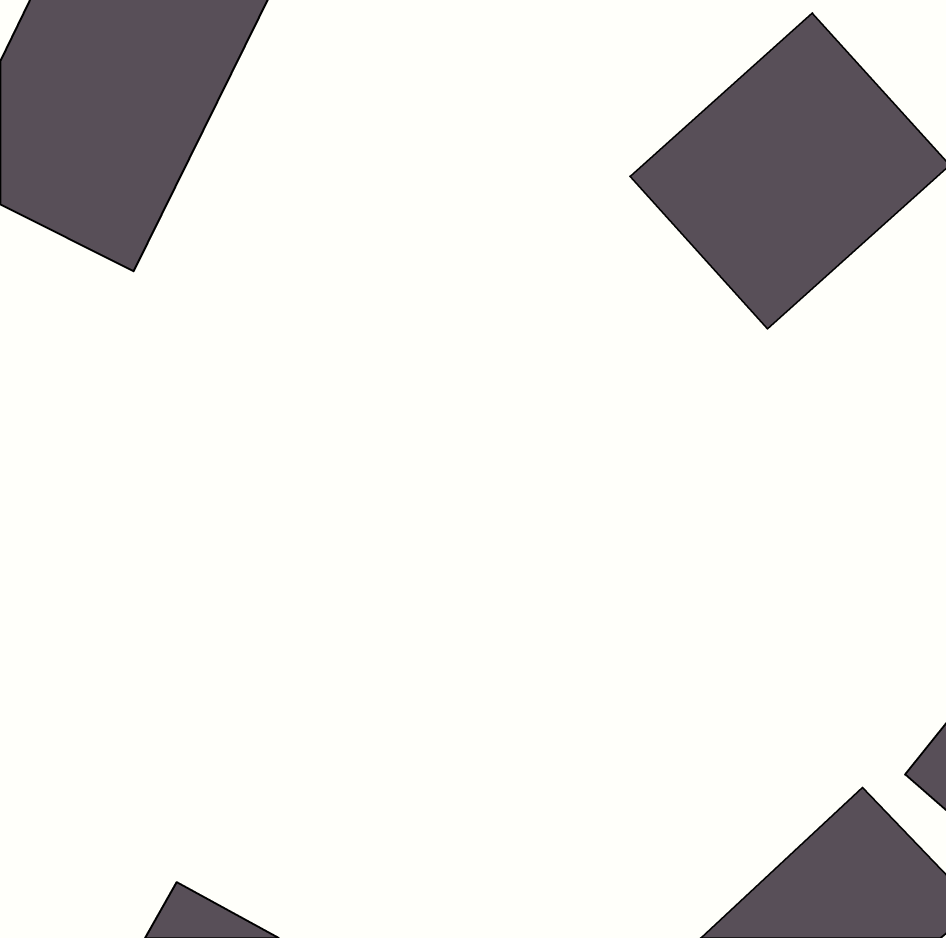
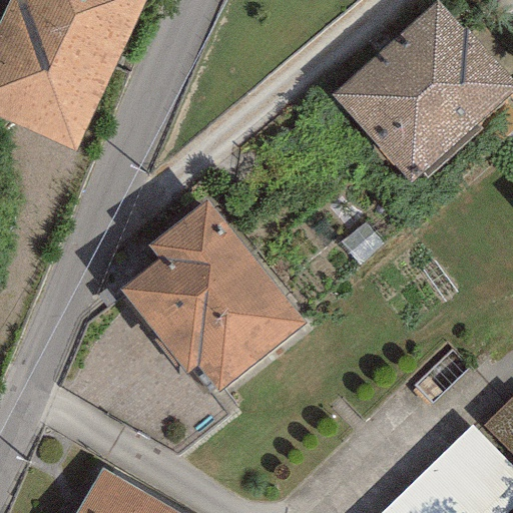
building: none -> [121,204,302,401]

